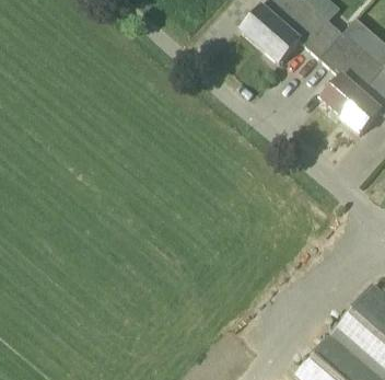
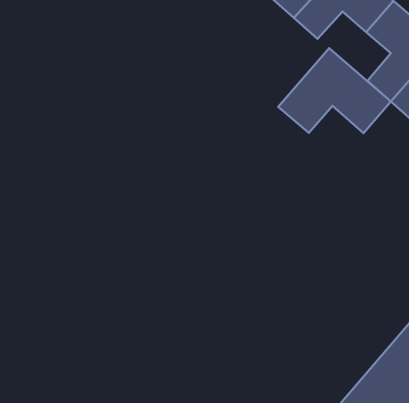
building: none -> [278,48,391,133]

